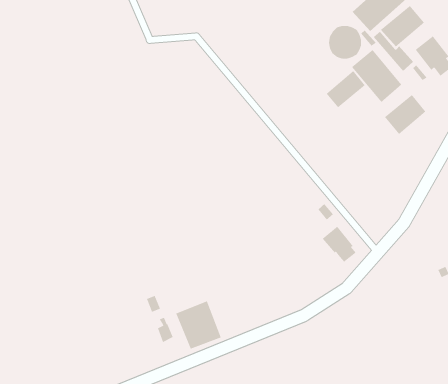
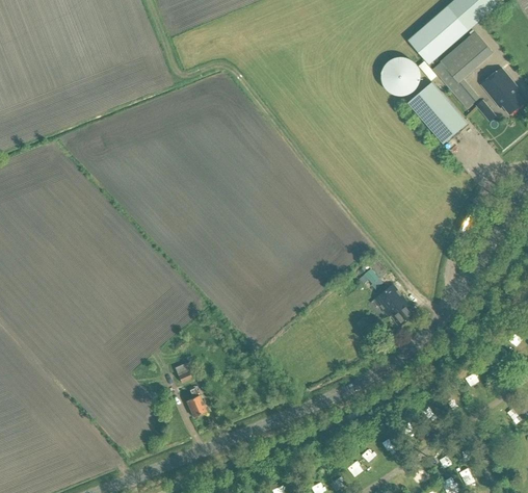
building: [326,70,365,108] -> none
building: [384,94,426,135] -> none
building: [176,300,222,350] -> none

